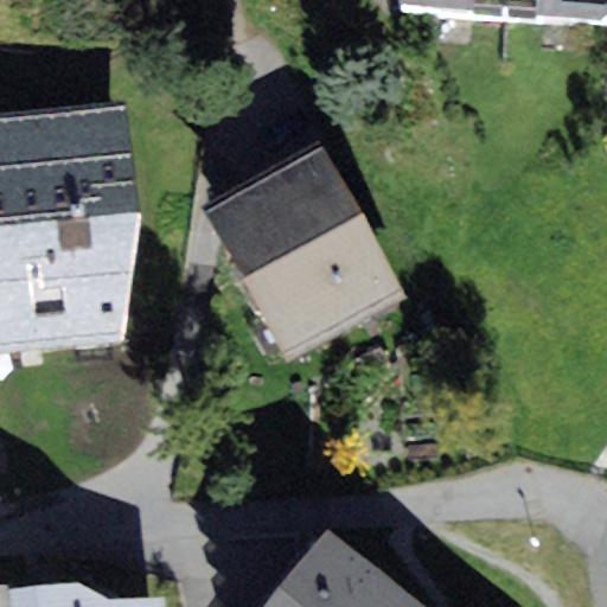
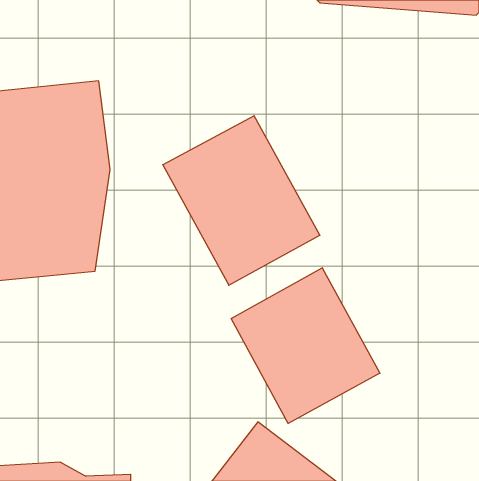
building: none -> [231,268,380,423]

